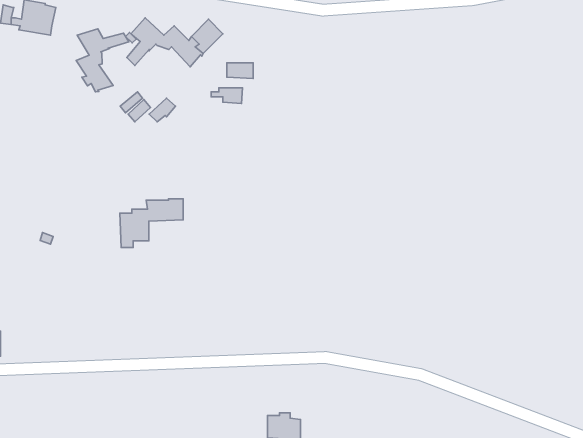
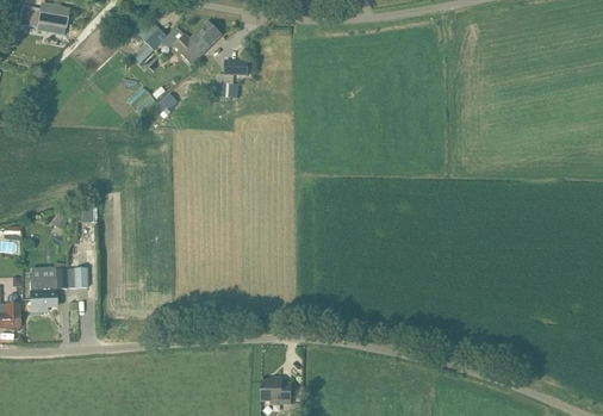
building: [76,29,129,92] -> none
building: [120,199,183,247] -> [30,267,87,311]

